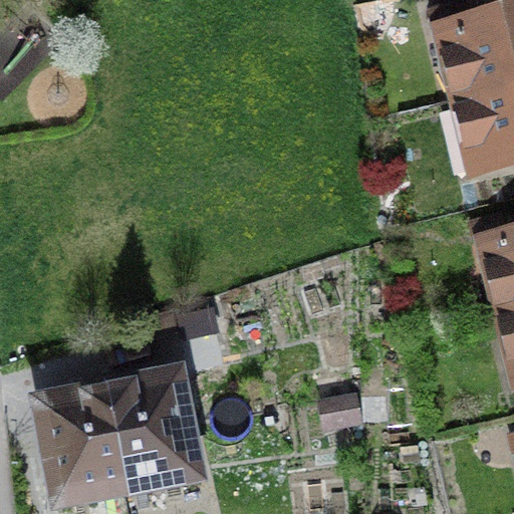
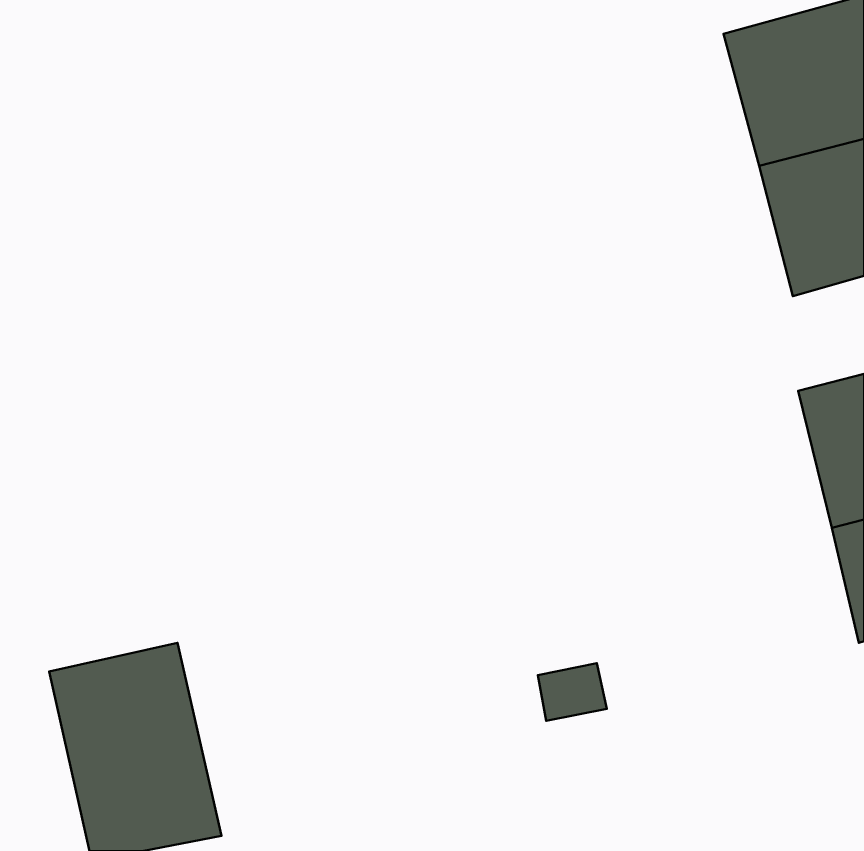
building: [105,364,207,496] -> none

